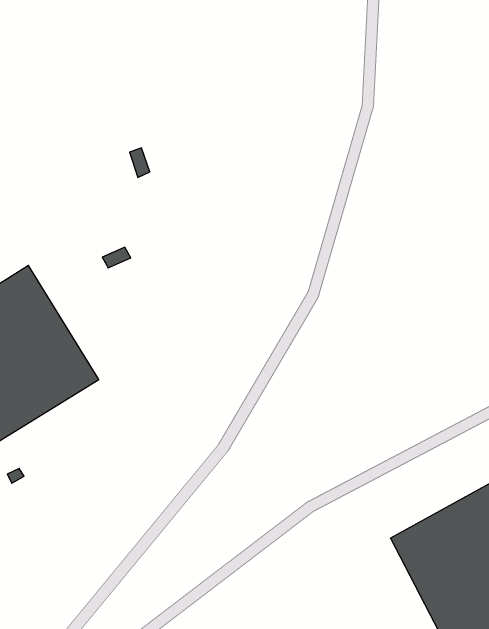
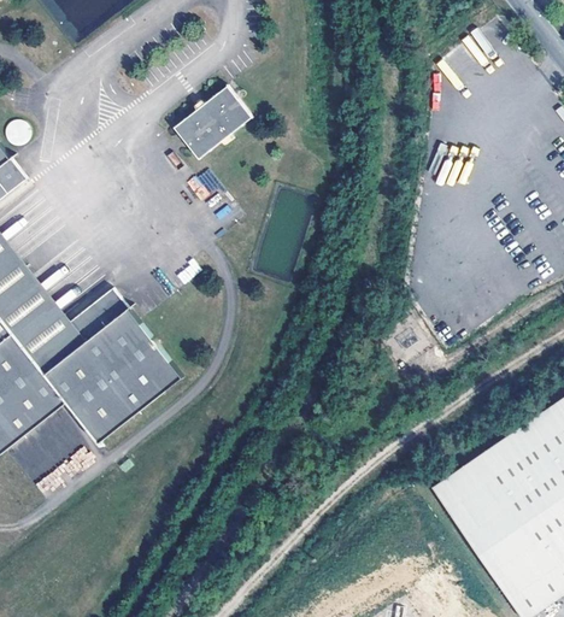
building: none -> [171,87,248,160]

